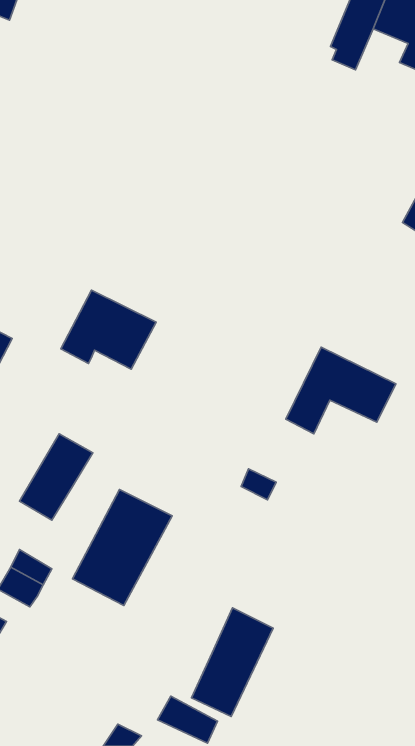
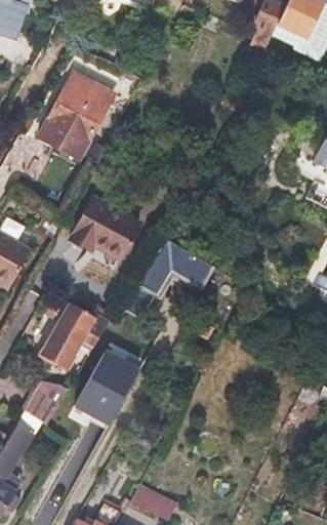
building: none -> [35,68,111,153]
building: [286,347,396,434] -> [141,237,218,297]
building: [192,608,273,716] -> none

